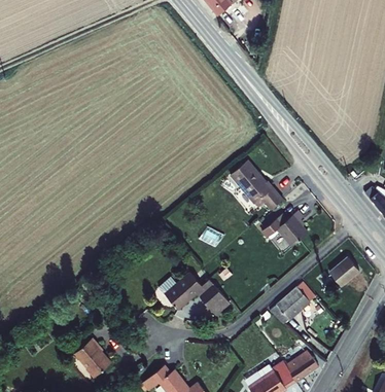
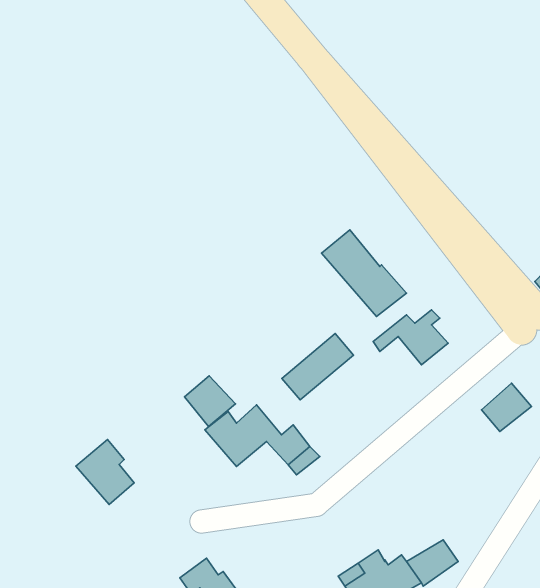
building: none -> [185,376,235,427]
building: [269,283,313,324] -> [282,333,353,400]
building: [74,336,110,377] -> [76,440,134,504]

